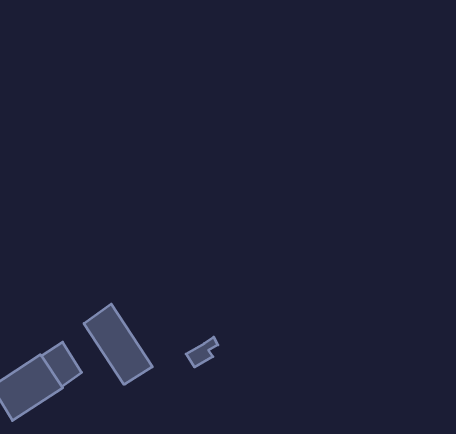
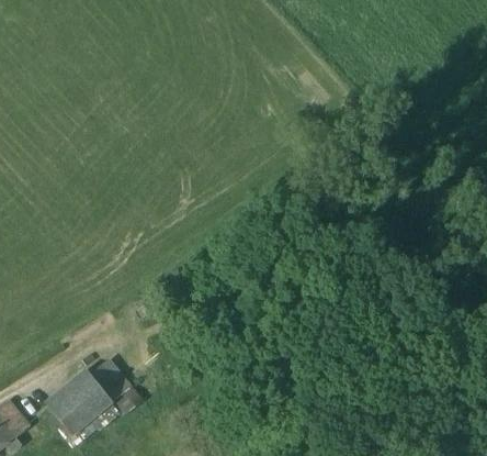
building: [84,304,152,384] -> none

